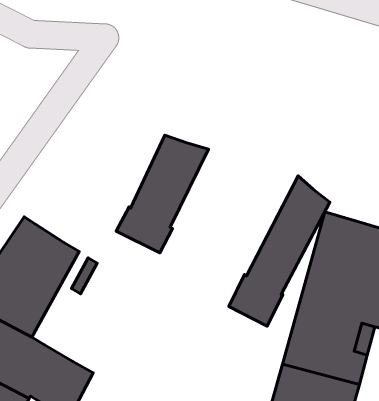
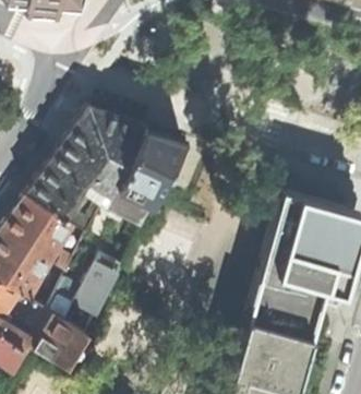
building: none -> [26,108,144,218]
building: [229,176,330,326] -> none
building: none -> [44,253,122,320]

